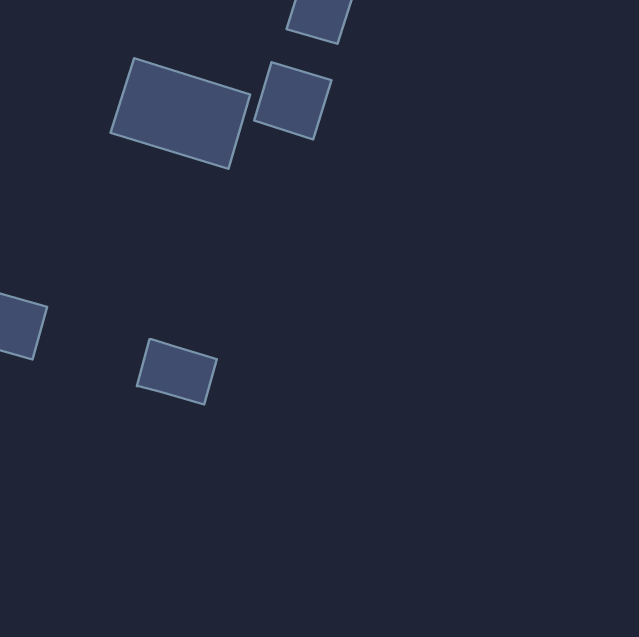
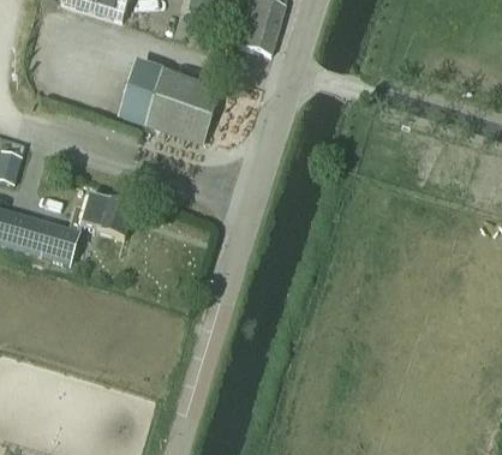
building: [254,62,331,139] -> none
building: [137,339,217,404] -> [82,192,135,235]

